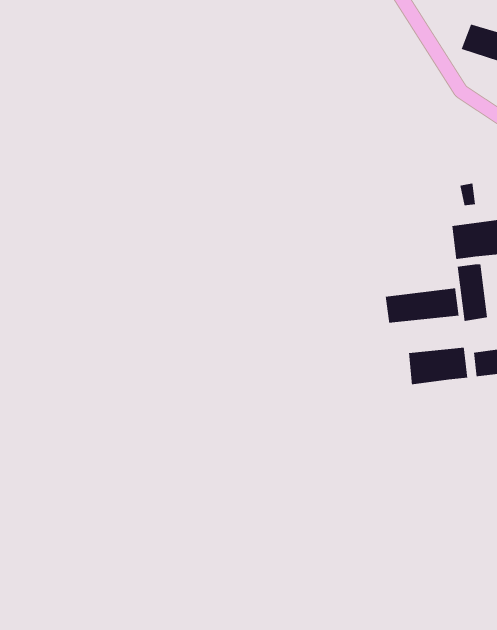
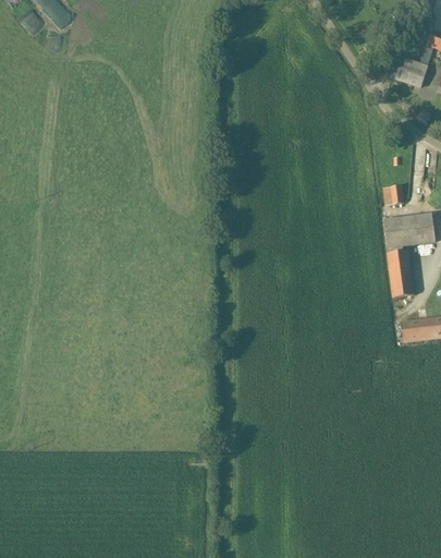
building: [385,287,459,323] -> none
building: [409,347,468,385] -> none

